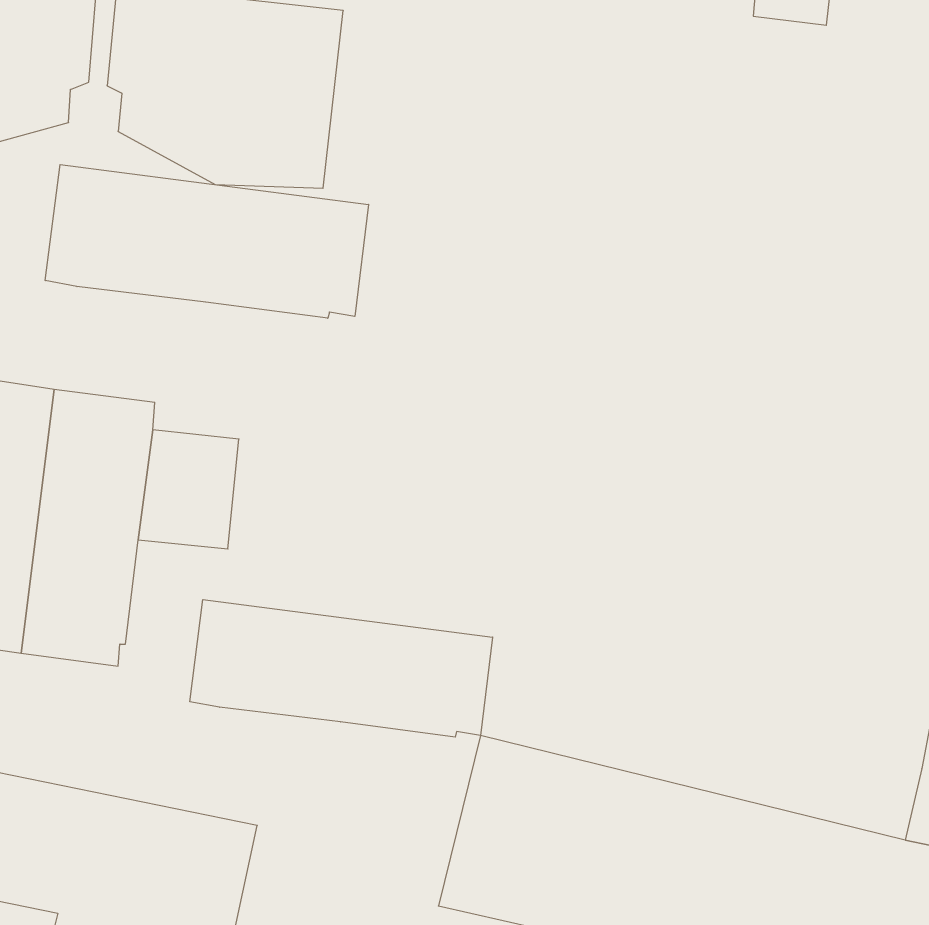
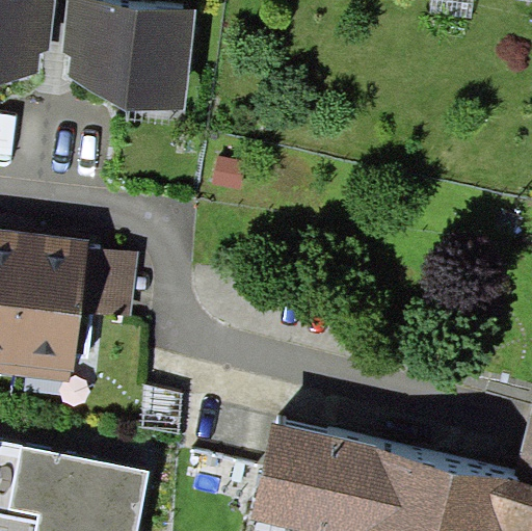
building: [45,165,369,318] -> none
building: [190,600,493,737] -> none

